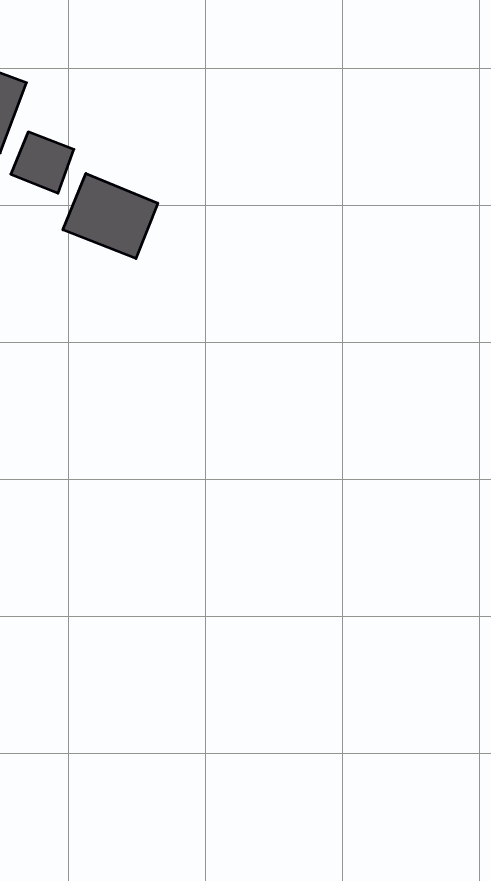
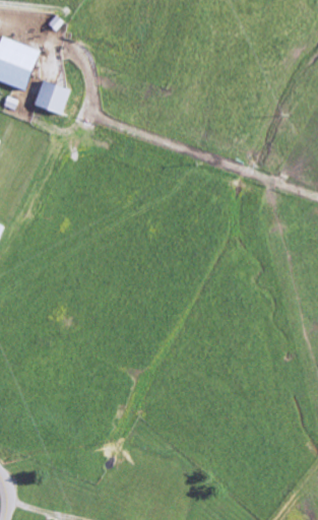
building: [63,173,158,259] -> none

